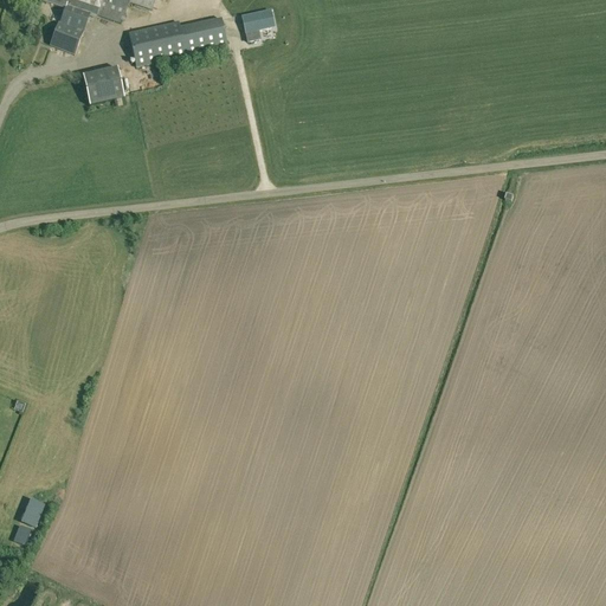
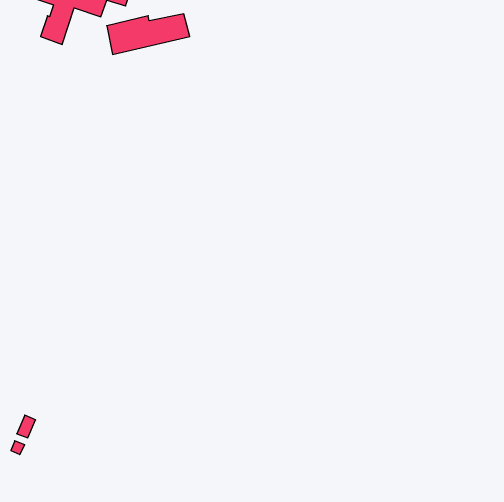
building: [241,8,272,40] -> none
building: [85,62,123,99] -> none

